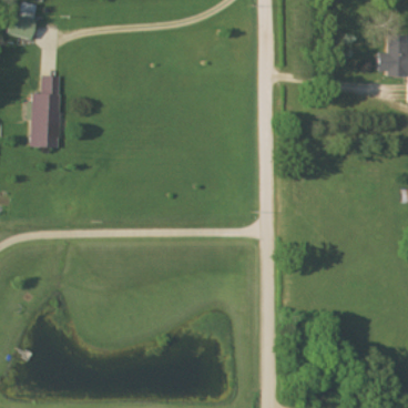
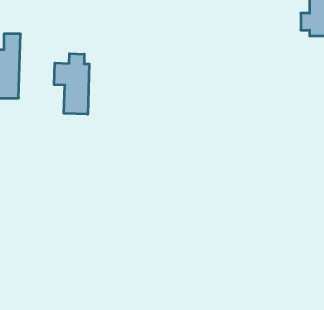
building: none -> [54,54,89,114]

